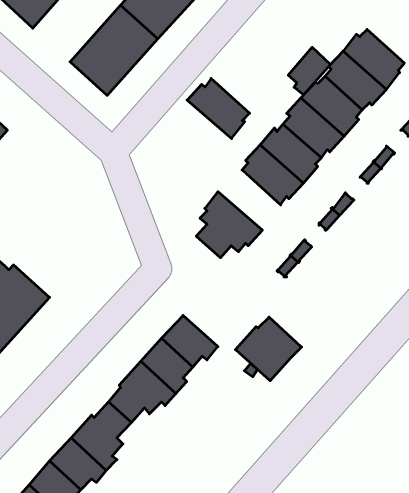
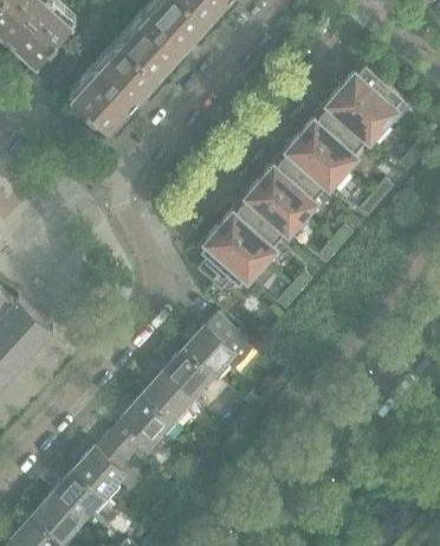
building: [288,47,331,95] -> none
building: [187,78,250,139] -> [218,205,279,264]
building: [235,317,302,381] -> [183,316,248,379]

